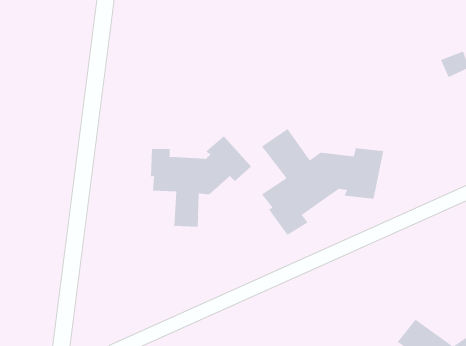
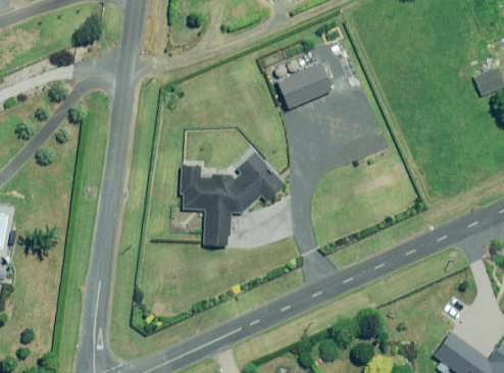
building: none -> [279,62,333,105]
building: [261,128,384,236] -> none

